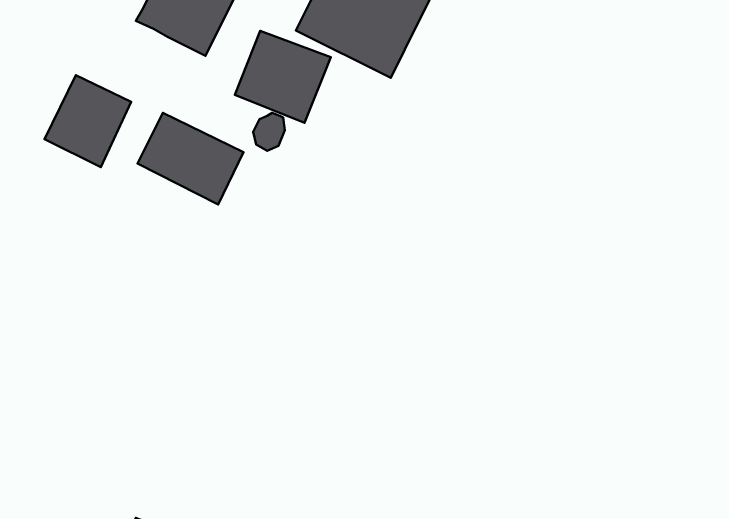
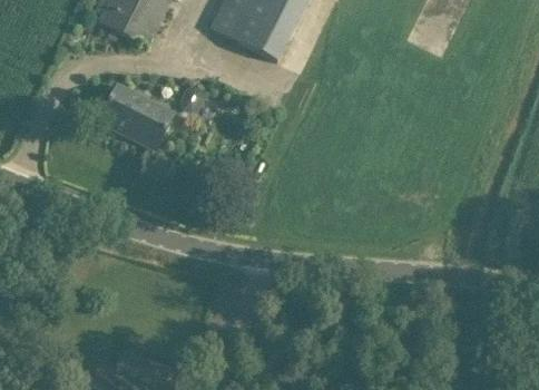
building: [235,31,331,123] -> none
building: [44,75,131,167] -> none

